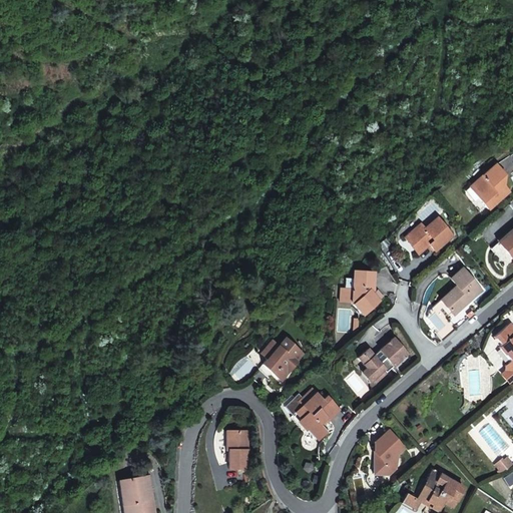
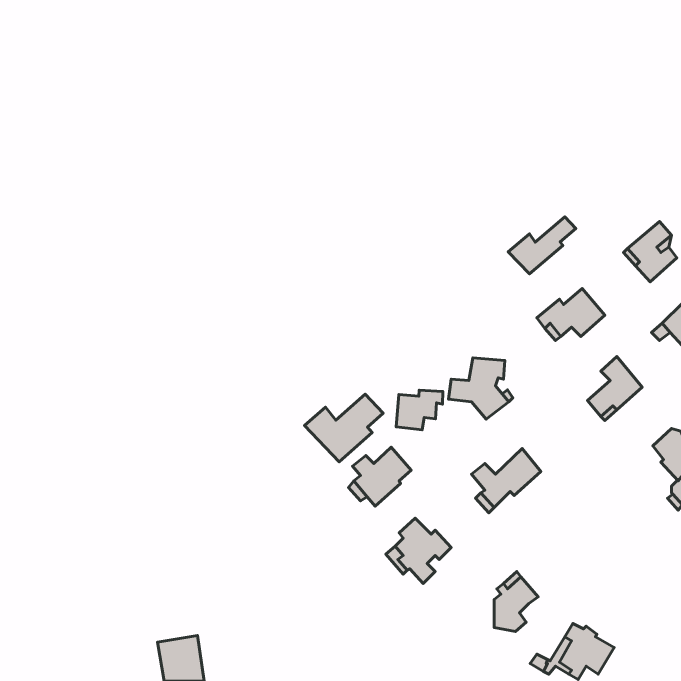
building: none -> [508,217,576,274]
building: none -> [396,390,443,430]
building: none -> [304,394,383,462]
building: [230,428,252,466] -> none

